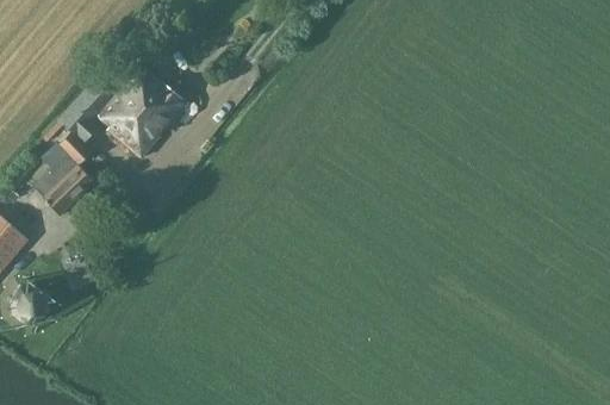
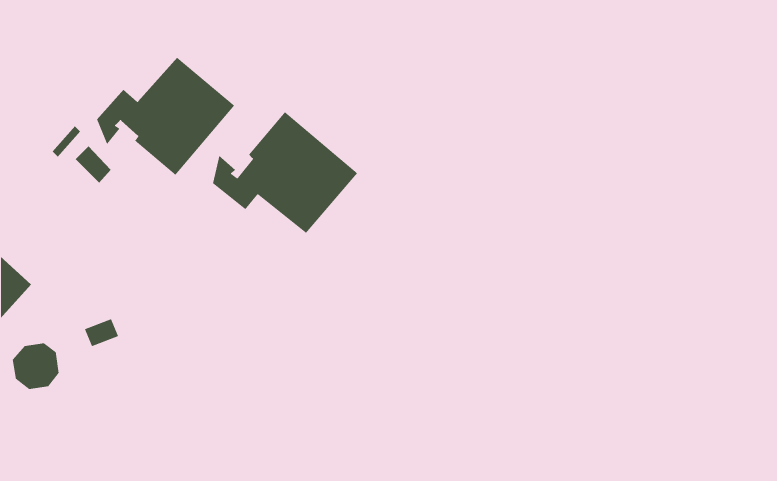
building: none -> [212,111,358,234]
building: [33,156,94,216] -> none

